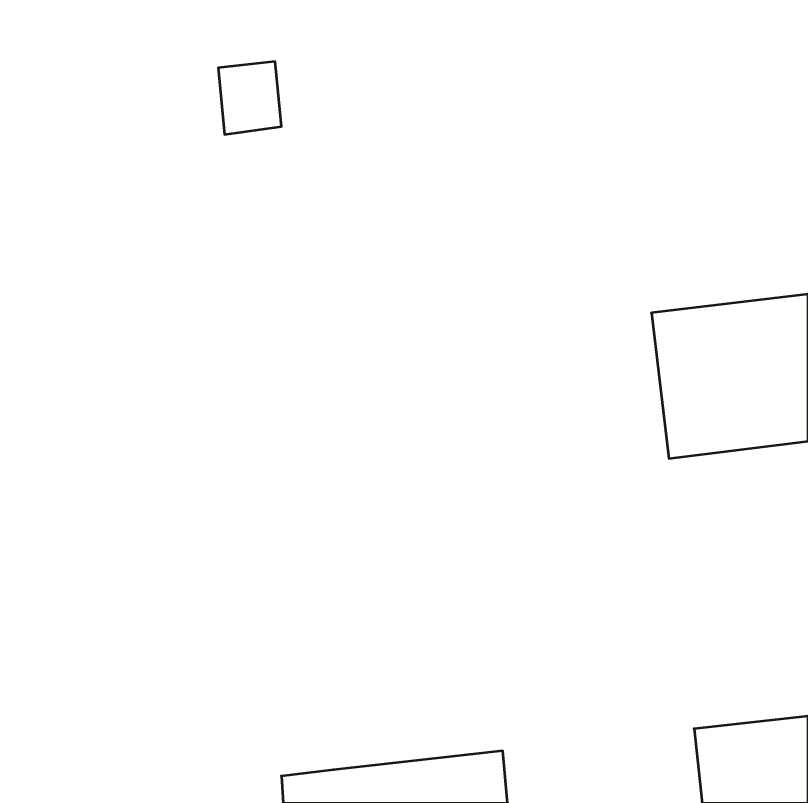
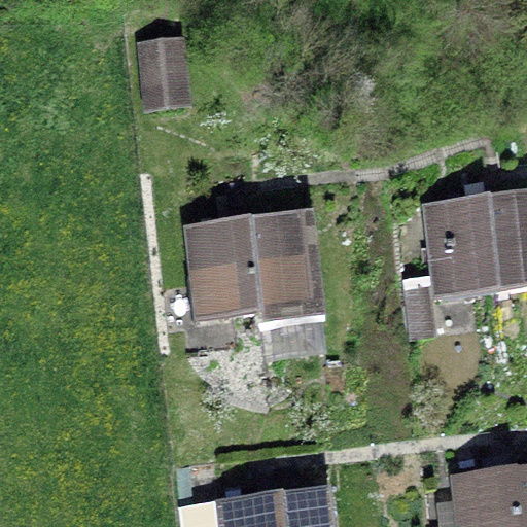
building: none -> [186,213,308,319]

